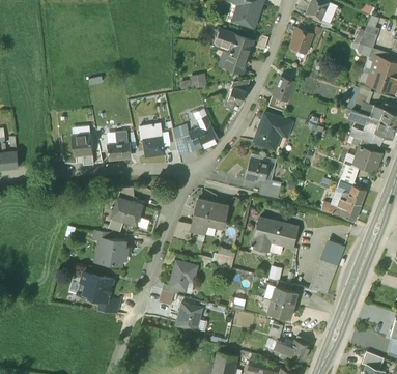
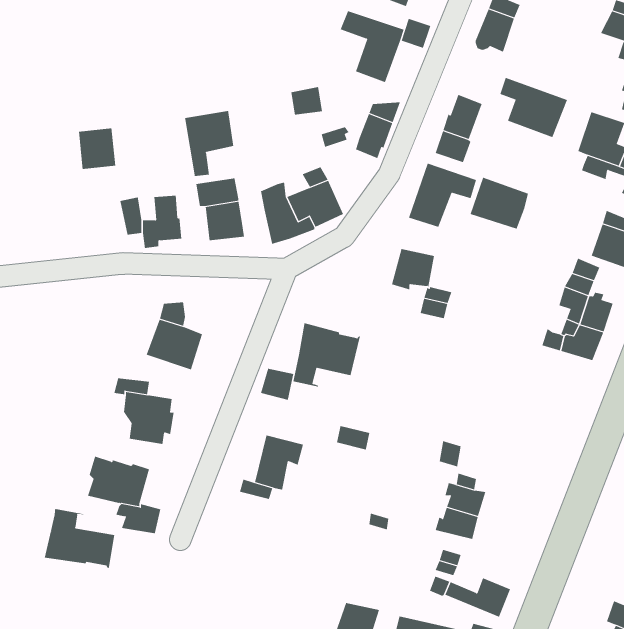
building: none -> [185,110,234,177]
building: none -> [470,177,529,230]
building: [72,133,92,155] -> [78,128,116,170]
building: [252,219,297,252] -> none
building: [308,239,345,293] -> none
building: none -> [44,508,115,569]
building: [175,304,202,330] -> none

